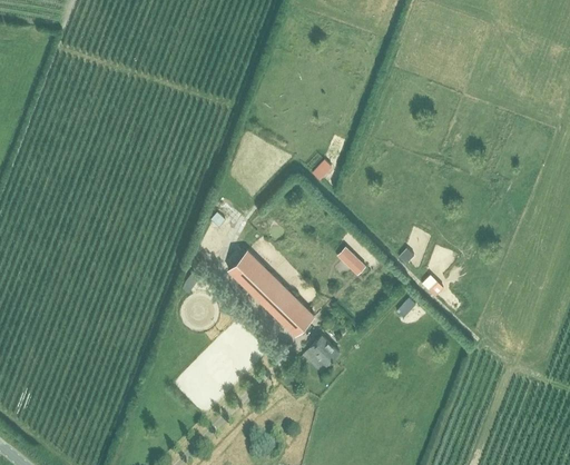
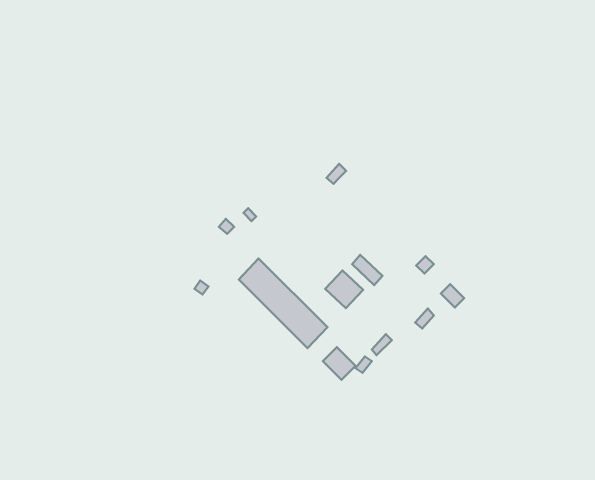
building: none -> [325,270,363,308]

